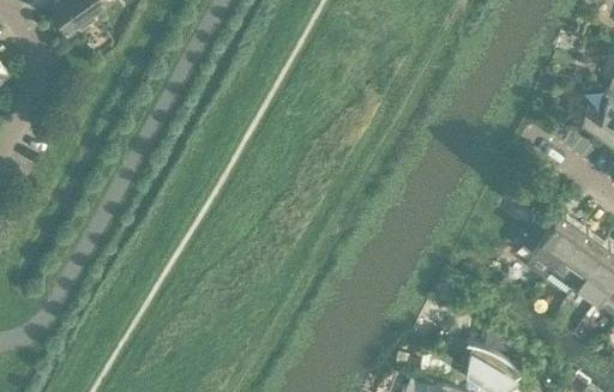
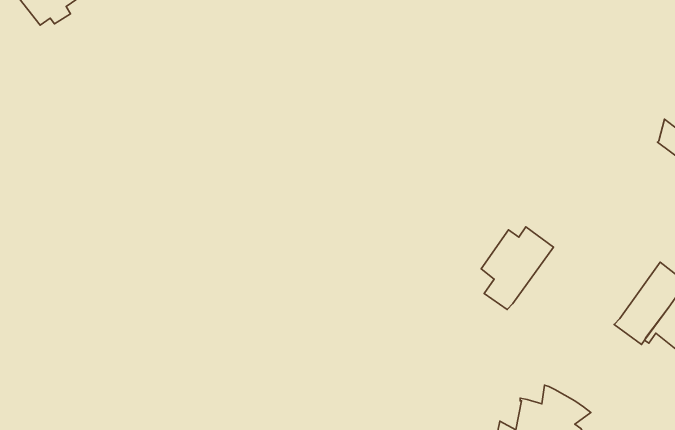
building: [523,213,583,282] -> [481,227,553,309]

